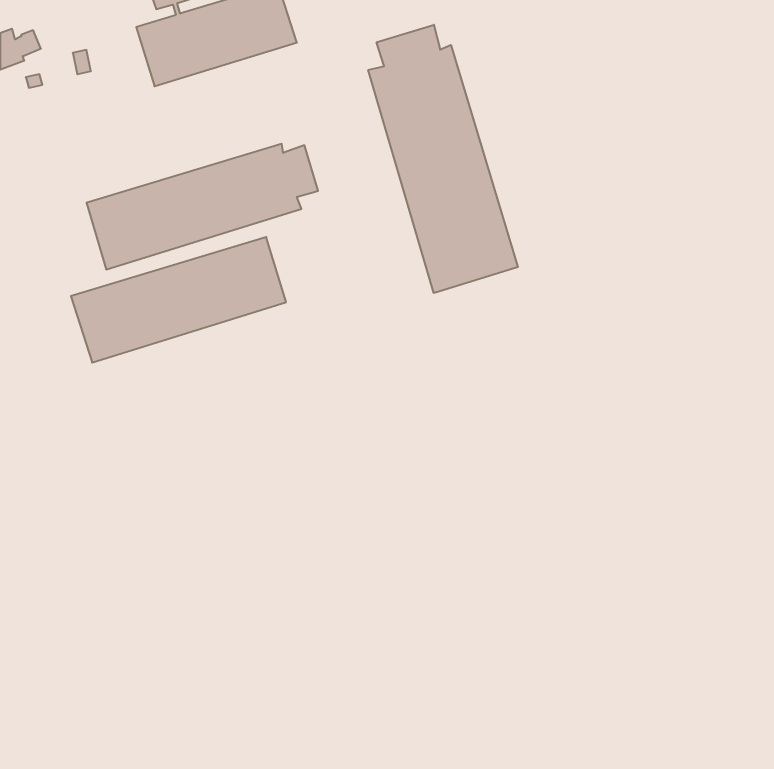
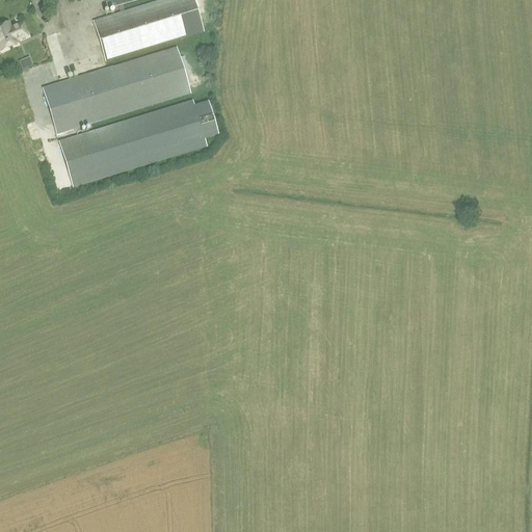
building: [368,25,518,293] -> none
building: [71,237,286,363] -> [43,46,190,132]

